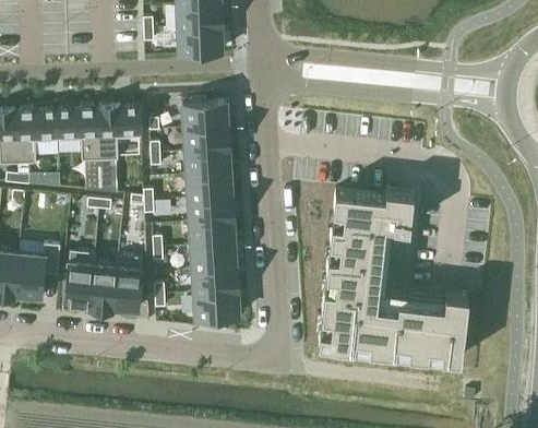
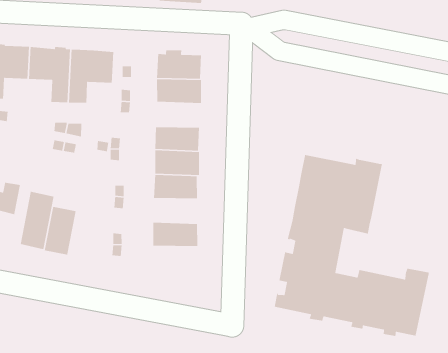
building: [186,150,230,176] -> none
building: [191,243,237,270] -> none
building: [112,255,142,311] -> none
building: [194,290,239,322] -> none

